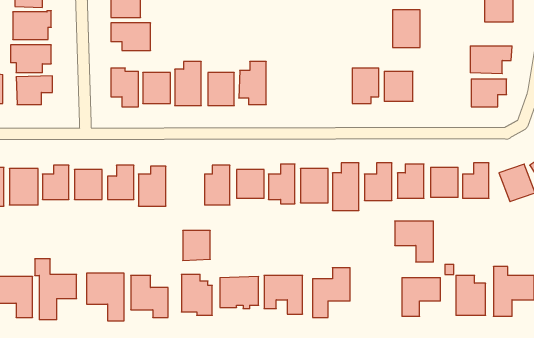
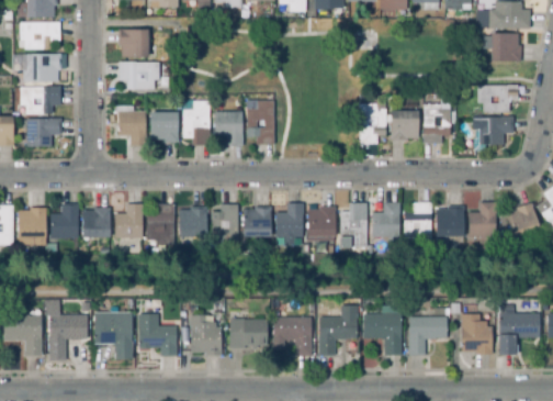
building: [393,10,420,47] -> [424,107,451,144]
building: [395,221,433,262] -> [364,315,403,356]
building: [183,231,210,260] -> [180,210,207,240]

